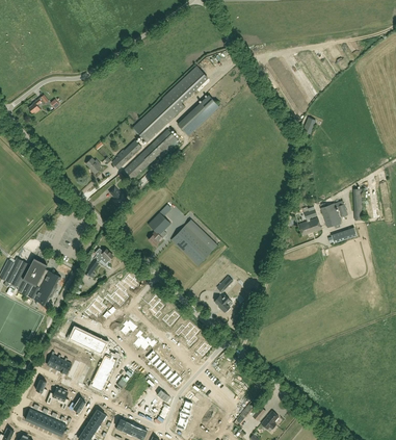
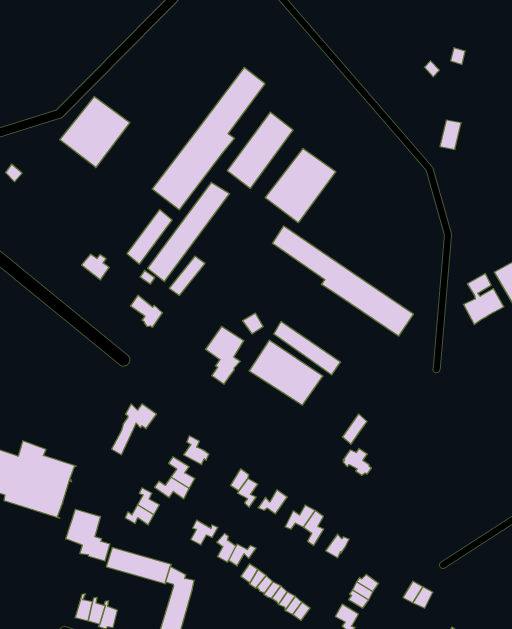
building: none -> [60,97,130,168]
building: none -> [265,148,336,223]
building: none -> [272,226,413,336]
building: none -> [66,509,110,561]

